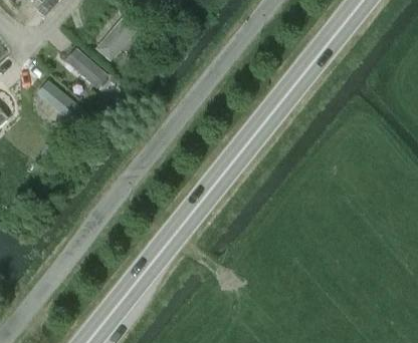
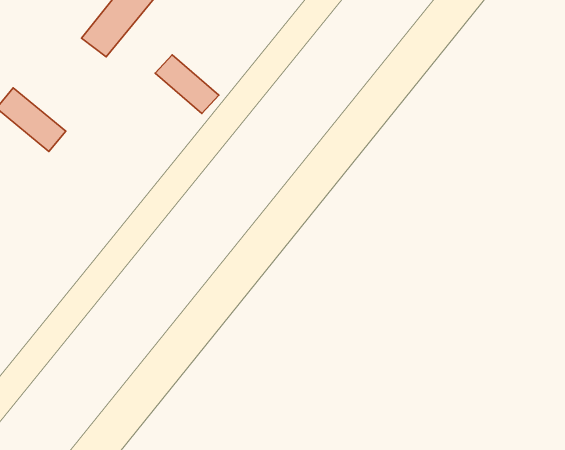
building: [65,48,107,86] -> [155,55,219,114]

